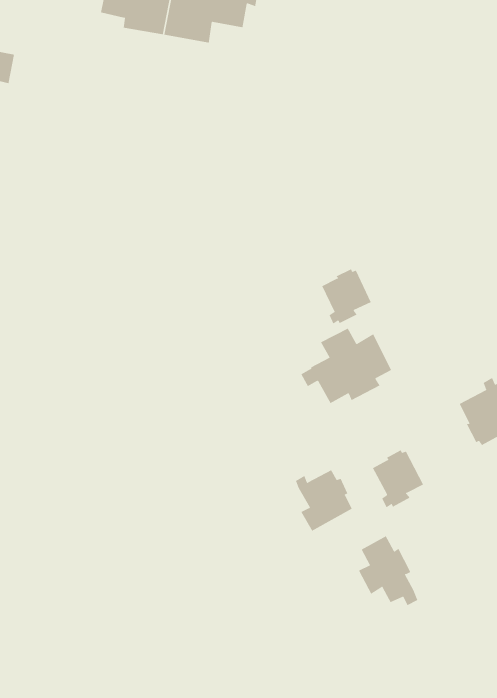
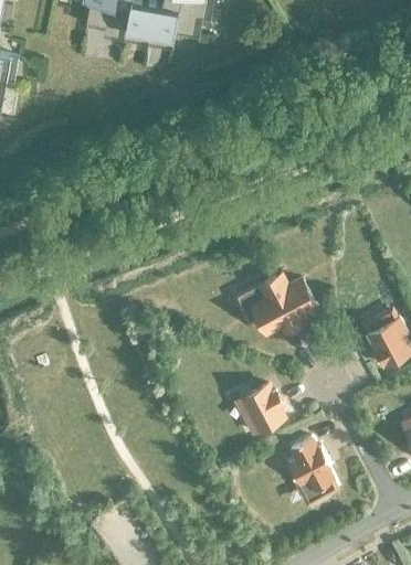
building: [322,268,372,324] -> none
building: [372,449,424,508] -> none

